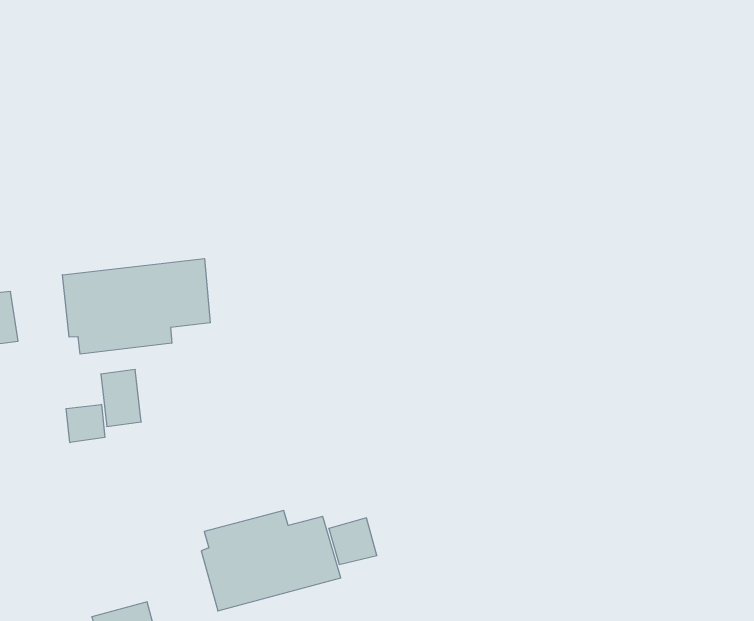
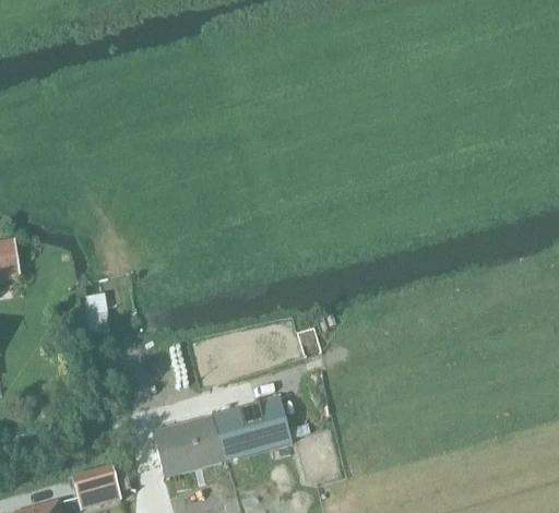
building: [62,259,210,354] -> none
building: [66,404,105,443] -> none

